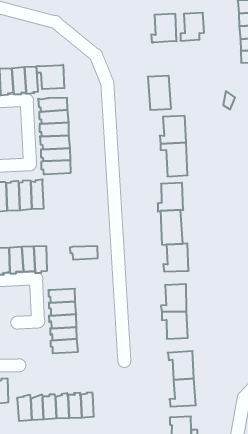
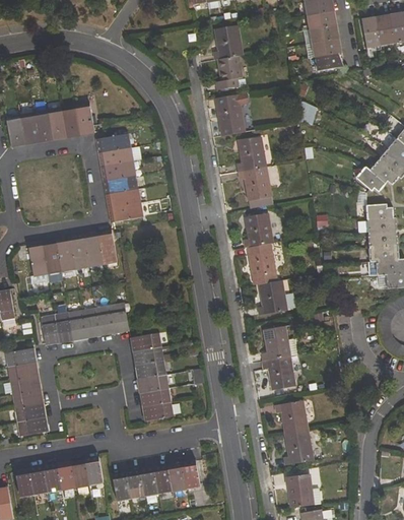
building: [180,13,204,41] -> [215,56,242,90]
building: [36,65,64,89] -> none
building: [70,246,98,260] -> [129,333,161,351]

